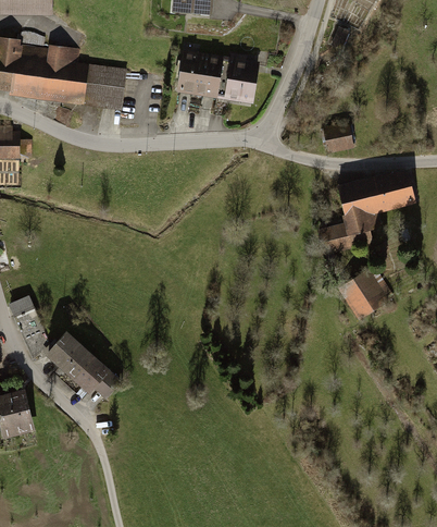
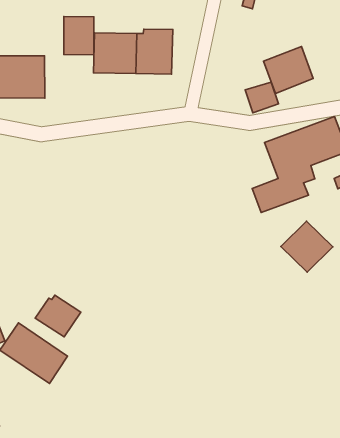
building: none -> [64,17,94,55]
building: none -> [264,47,313,93]
building: none -> [35,295,81,337]

